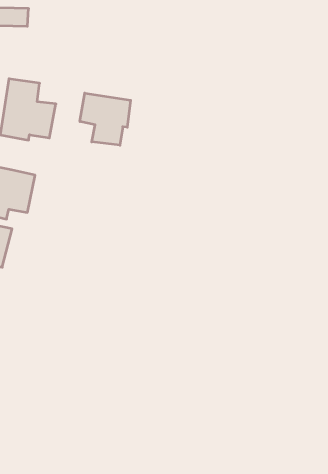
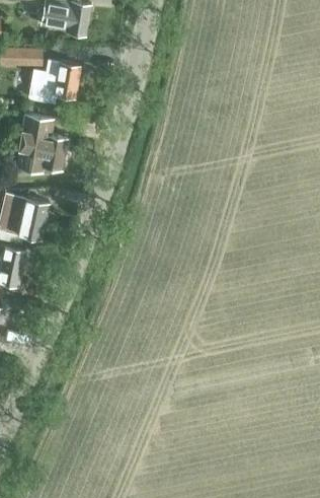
building: none -> [28,60,79,103]
building: [80,93,131,145] -> none

